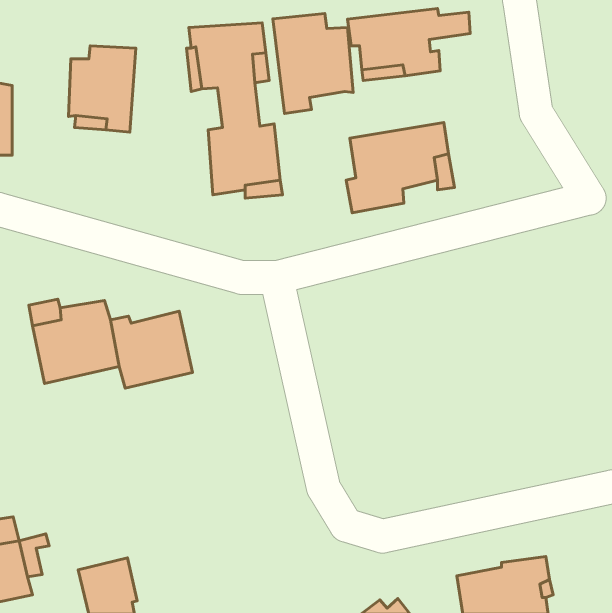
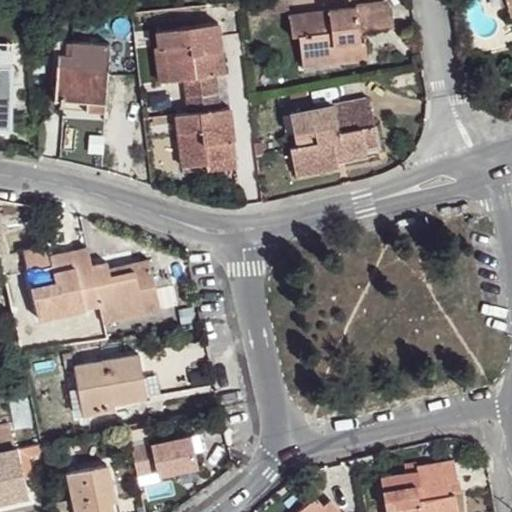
building: [273,14,353,114] -> none
building: none -> [72,357,144,417]
building: none -> [127,436,197,482]

